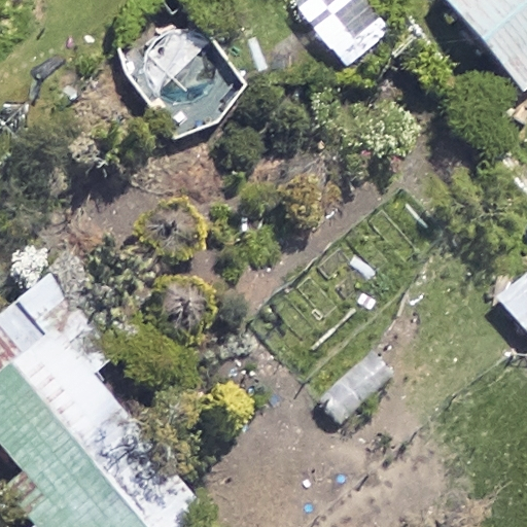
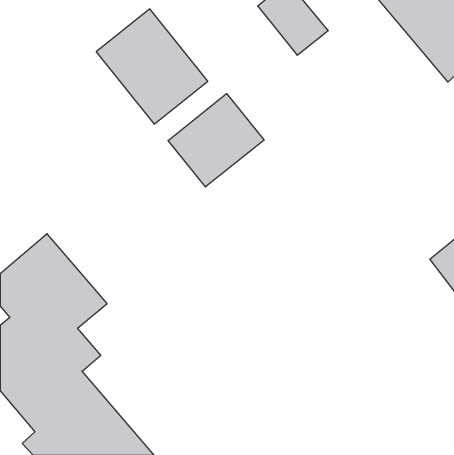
building: none -> [168,94,264,187]

